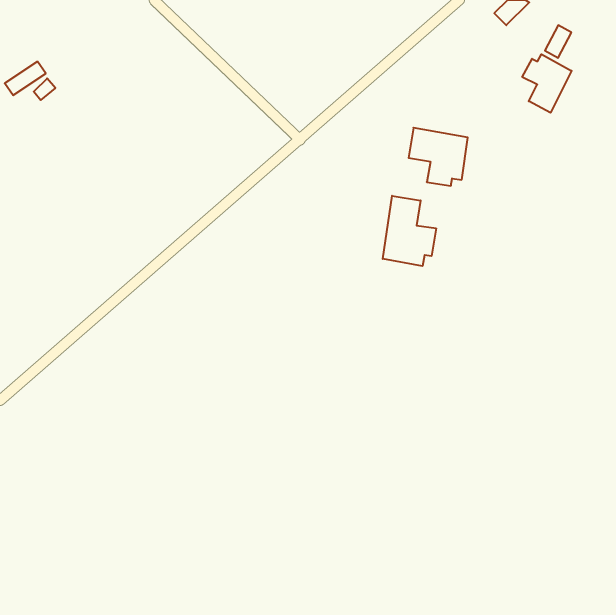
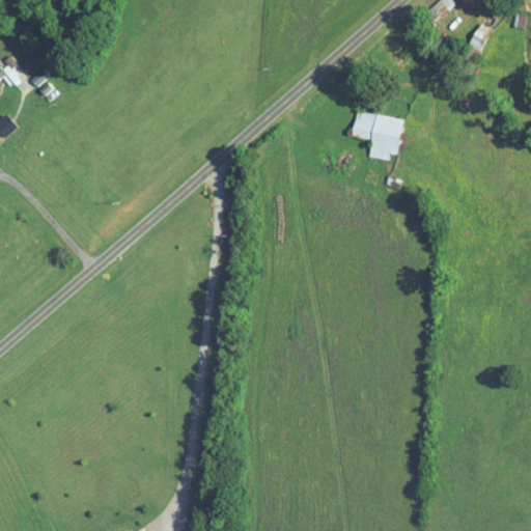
building: [522,54,572,113] -> none
building: [383,196,436,266] -> none

